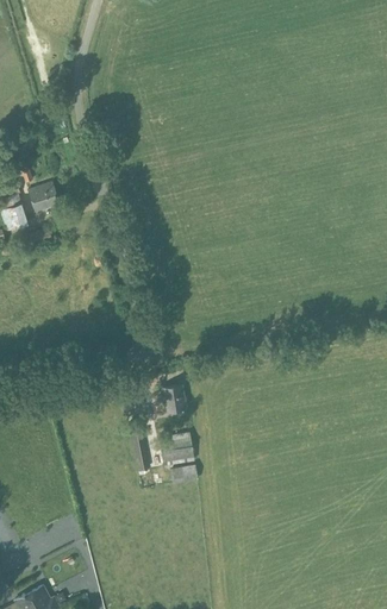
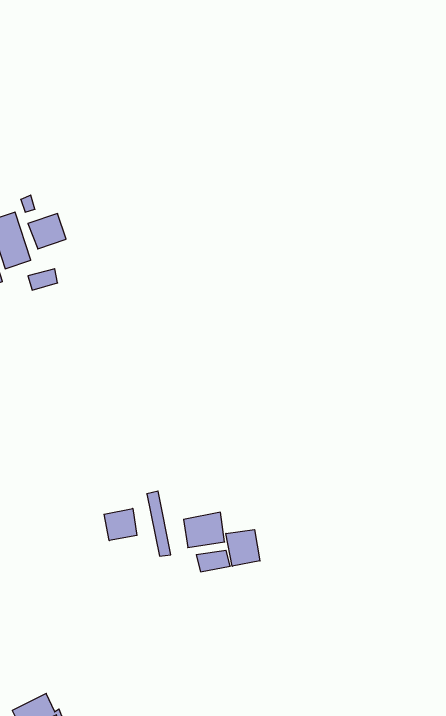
building: [162,384,188,413] -> none
building: none -> [104,508,137,541]
building: none -> [226,530,260,566]

